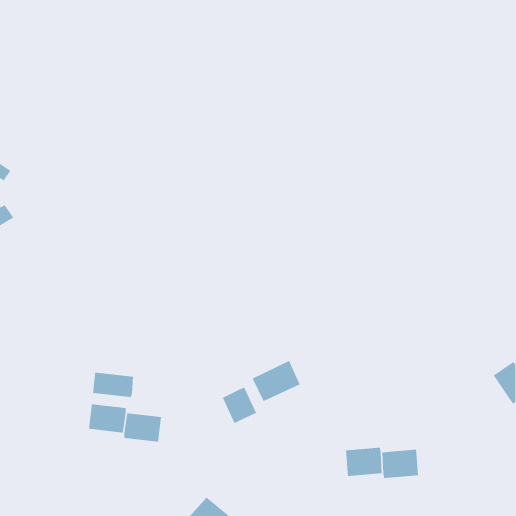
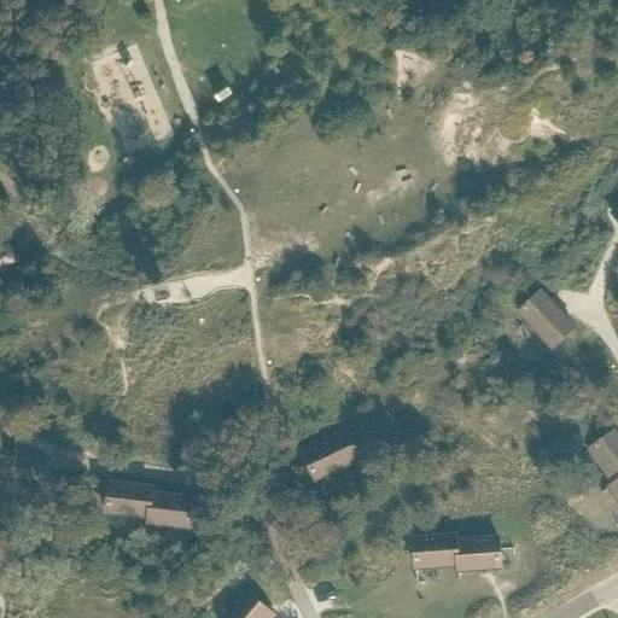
building: none -> [517,292,573,349]
building: [93,372,133,398] -> none
building: [222,387,257,424] -> none

